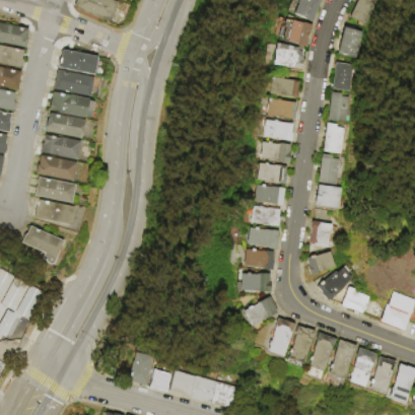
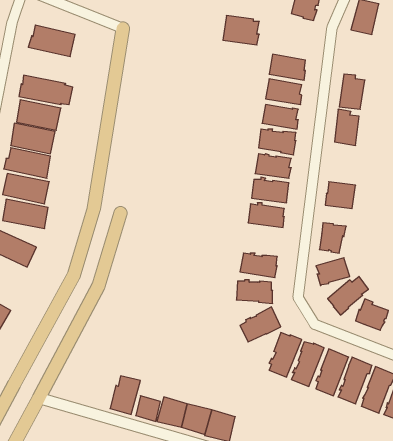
building: [272,42,303,67] -> [223,16,259,45]
building: [333,62,354,92] -> none
building: [55,72,95,97] -> none
building: [319,154,341,186] -> none
building: [246,225,278,249] -> none

